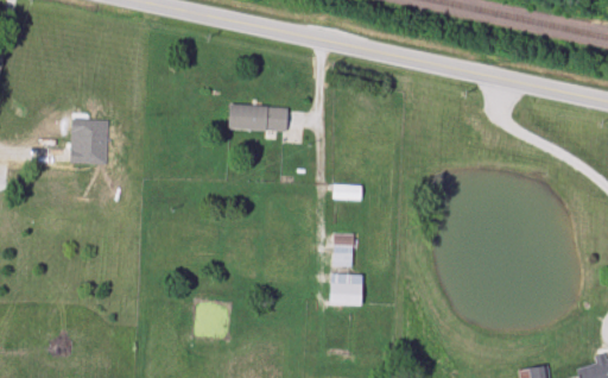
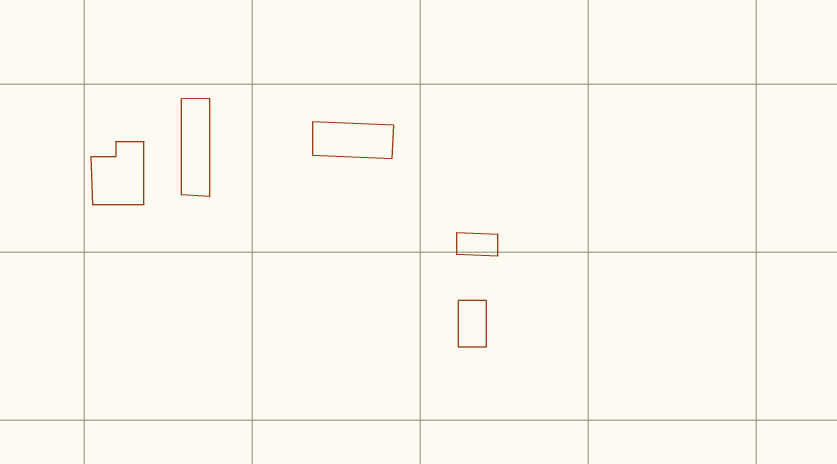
building: none -> [182,98,210,197]
building: [331,273,362,303] -> none

